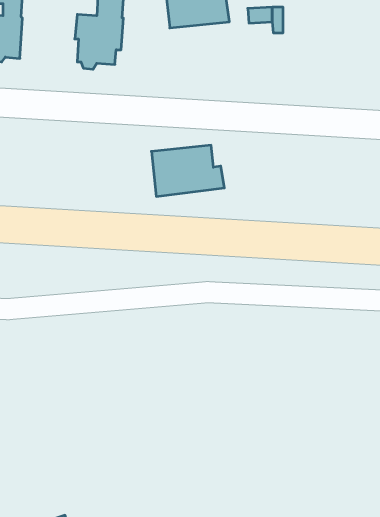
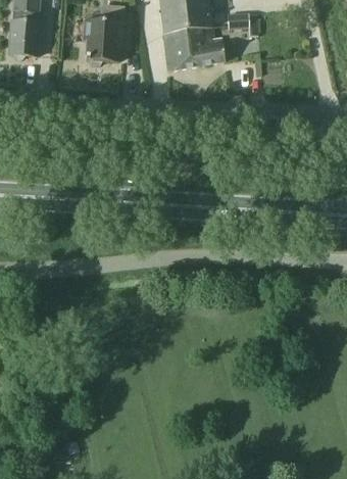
building: [151,145,224,196] -> [163,25,225,67]

